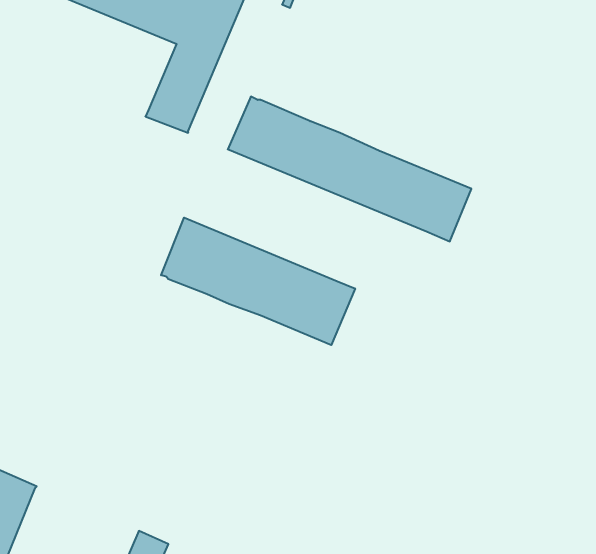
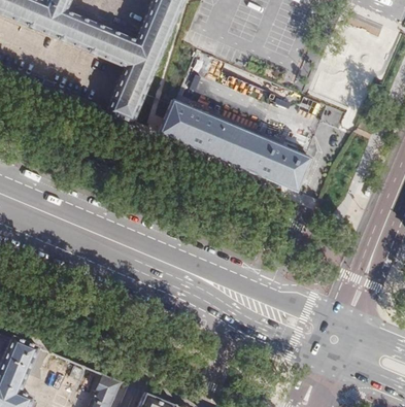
building: [161,218,355,345] -> none

